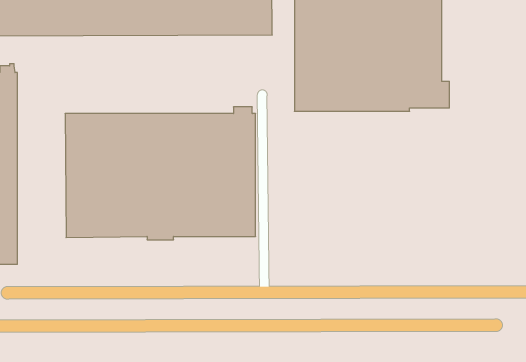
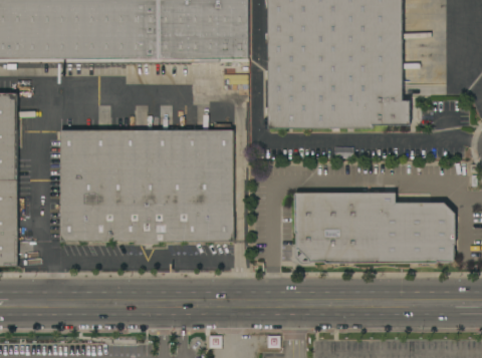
building: none -> [293,194,455,265]

